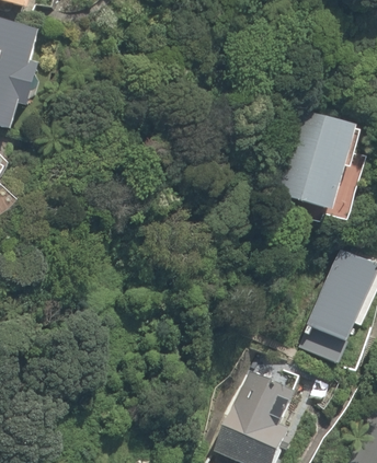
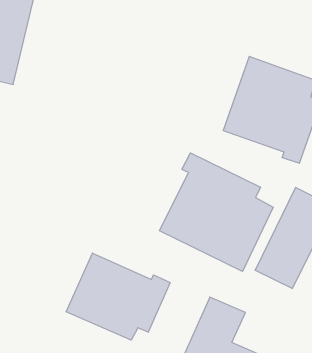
building: none -> [160,153,273,271]
building: none -> [66,253,170,340]

